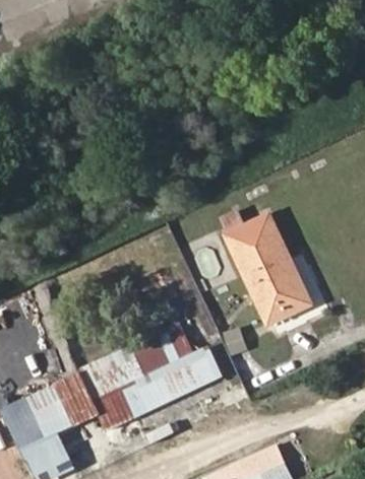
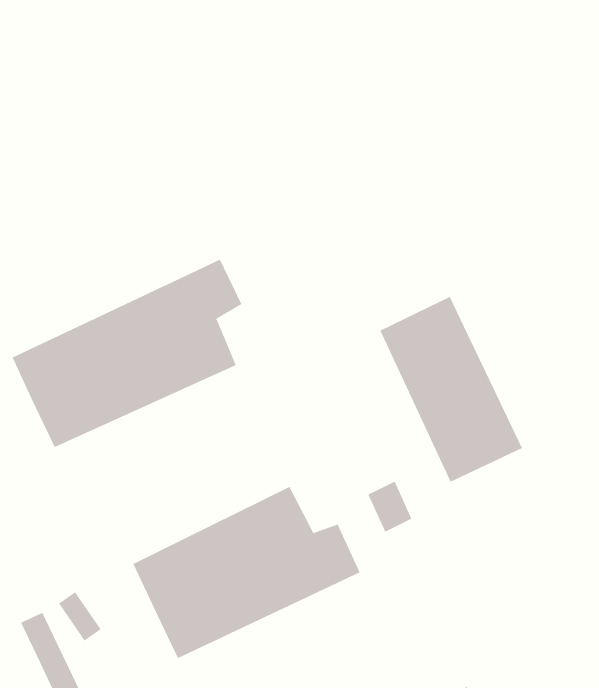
building: none -> [12,259,242,448]
building: [57,372,96,414] -> none

